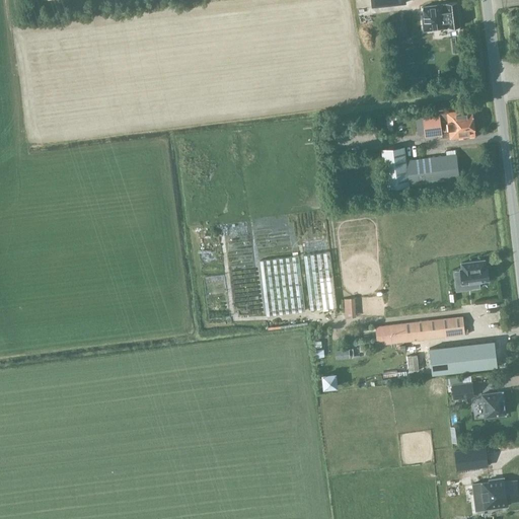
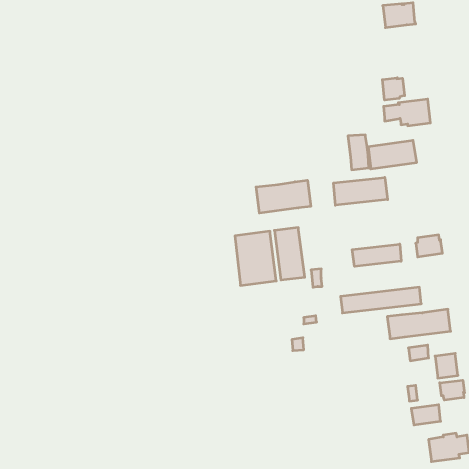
building: none -> [382,78,405,100]
building: none -> [334,177,388,205]
building: none -> [256,180,311,213]
building: none -> [352,244,401,266]
building: none -> [440,380,464,400]

